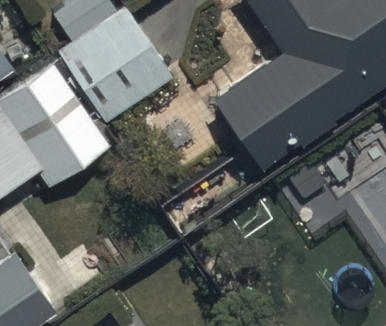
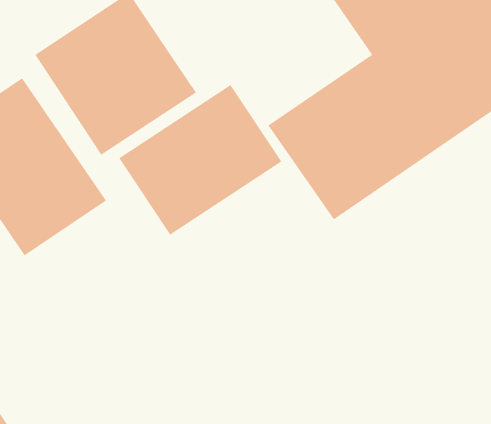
building: none -> [118,84,282,235]

